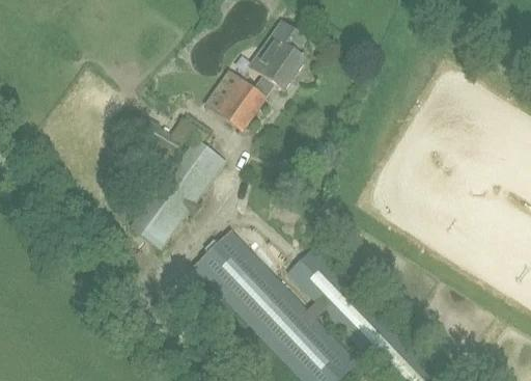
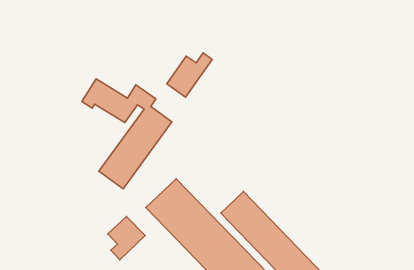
building: [250,20,305,88] -> none
building: none -> [108,216,145,260]

